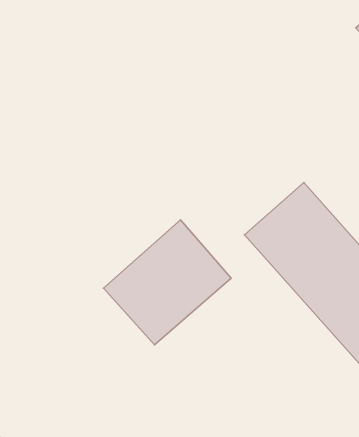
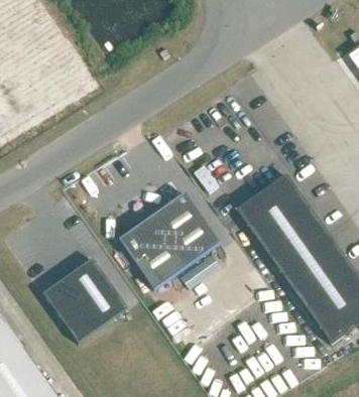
building: none -> [43,257,128,343]

